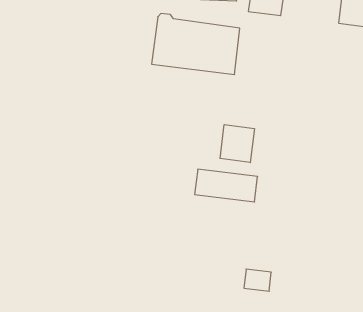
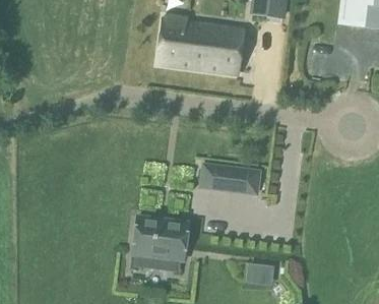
building: [220,125,254,163] -> none
building: none -> [133,208,189,266]

